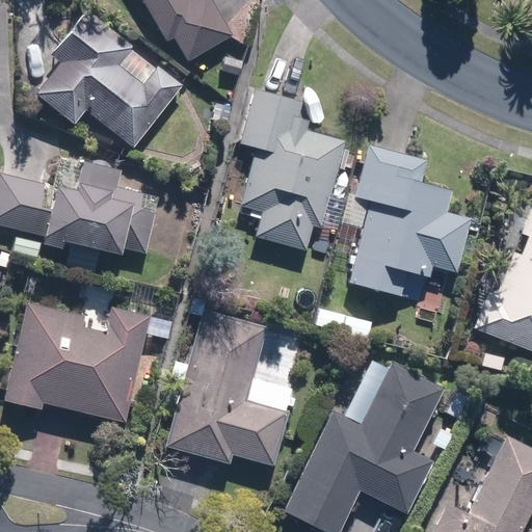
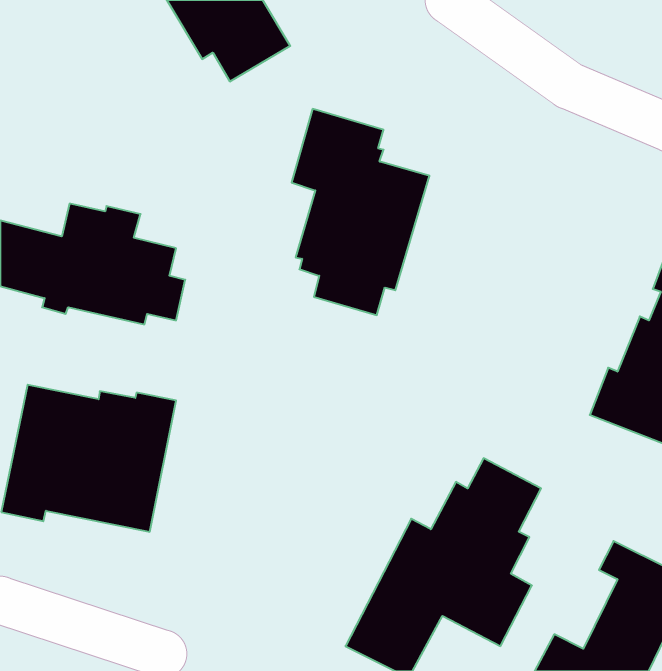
building: [41,9,187,149] -> none
building: [348,144,475,296] -> none
building: [167,309,298,468] -> none

